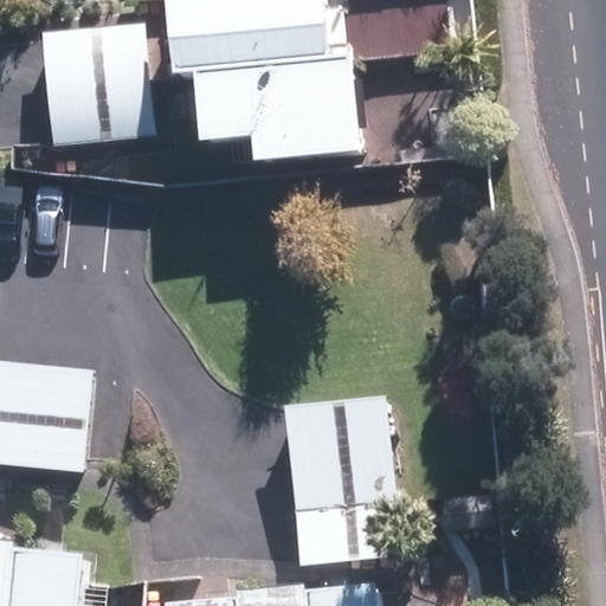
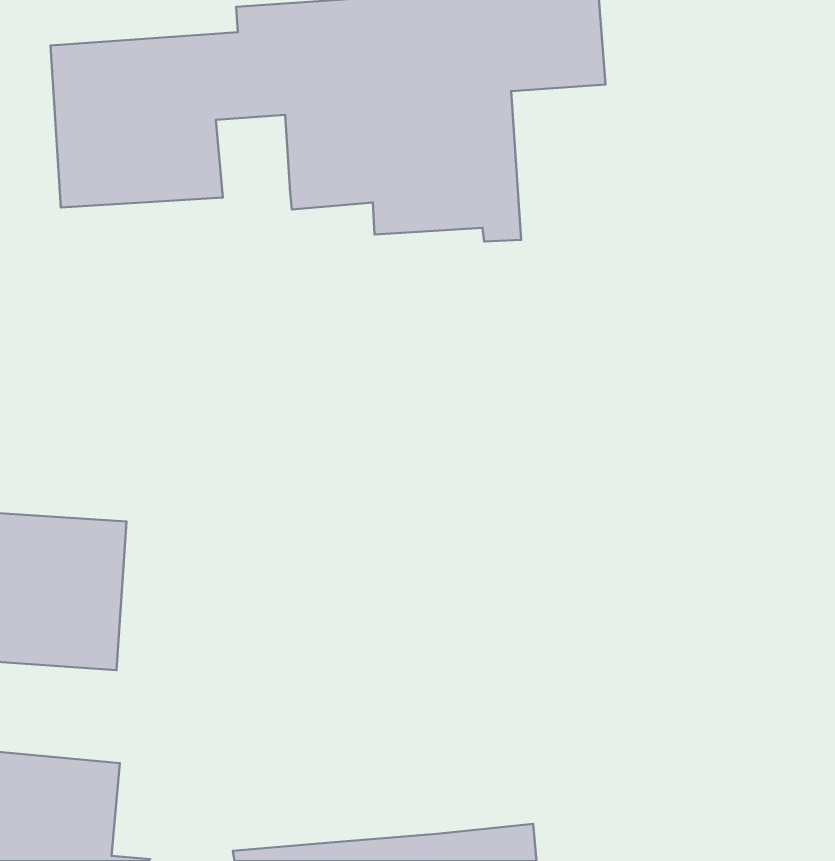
building: [278,401,389,566] -> none

